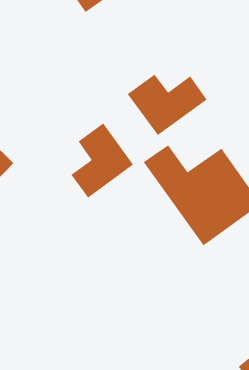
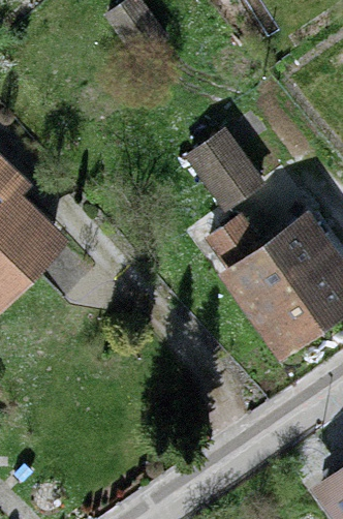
building: [71,122,134,198] -> none

